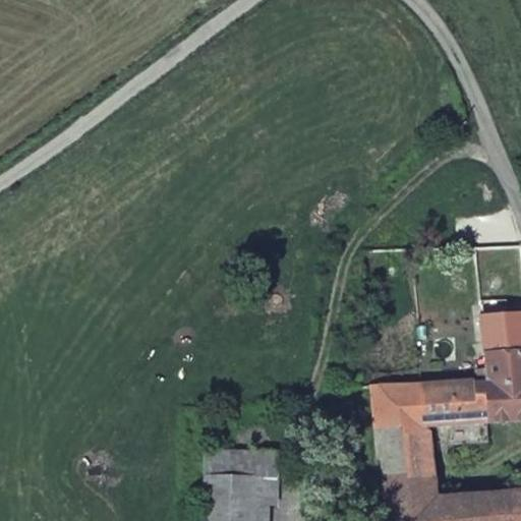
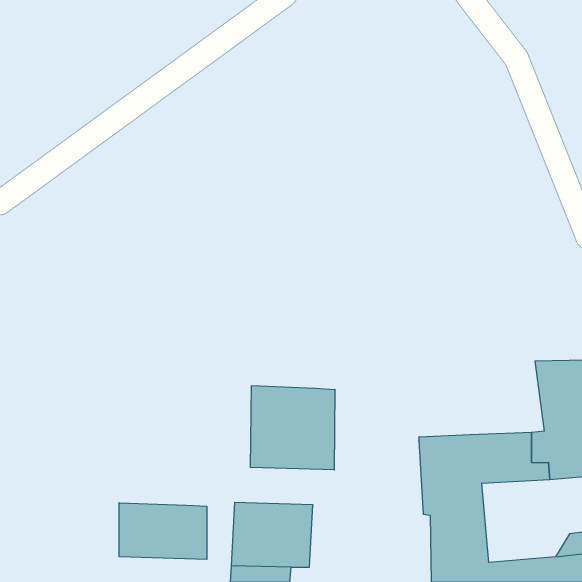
building: none -> [251,386,335,470]
building: none -> [119,503,207,559]

